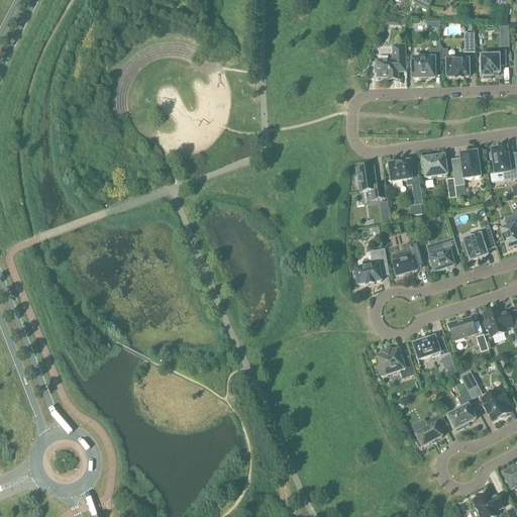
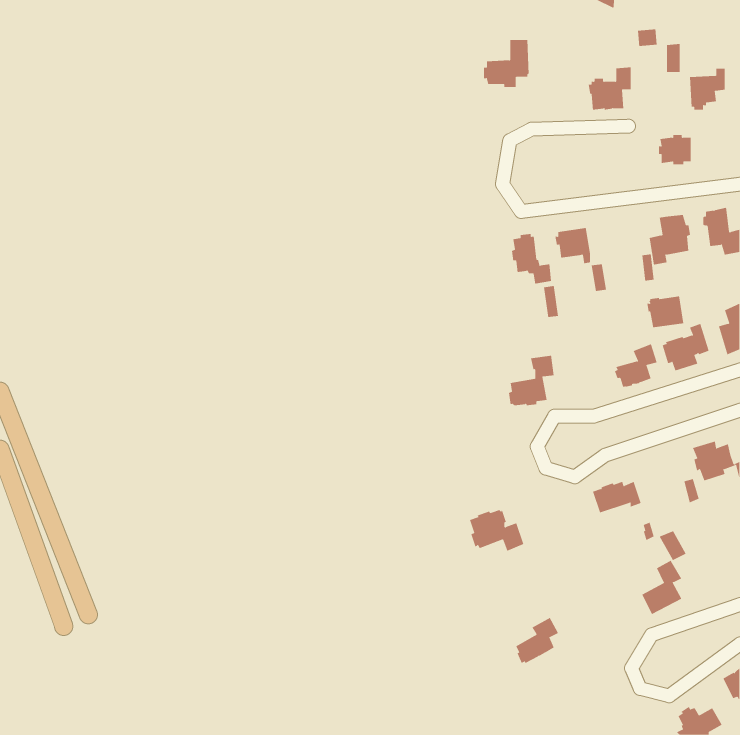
building: [375,43,407,77] -> [483,40,530,87]
building: [445,56,469,77] -> [658,134,691,165]
building: [421,153,447,176] -> [647,296,684,328]
building: [393,240,423,275] -> none
building: [447,316,476,338] -> none
building: [377,347,415,377] -> [469,510,524,552]
building: [482,388,509,419] -> none
building: [415,413,445,445] -> [516,617,559,664]

